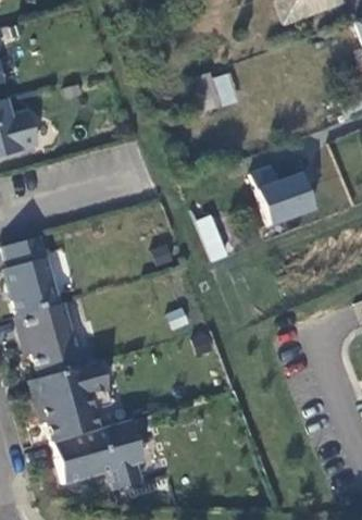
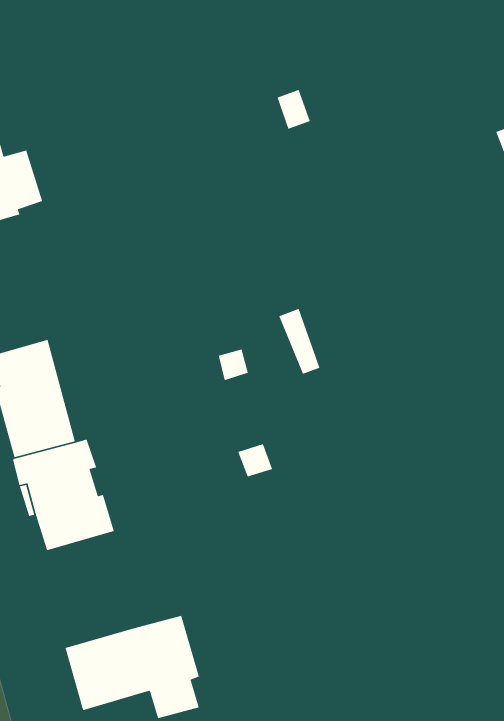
building: [252,162,323,226] -> none
building: [36,361,113,442] -> none

